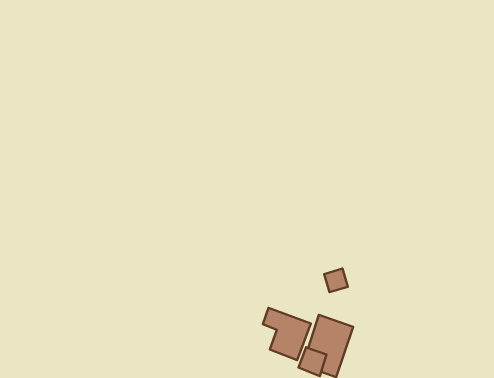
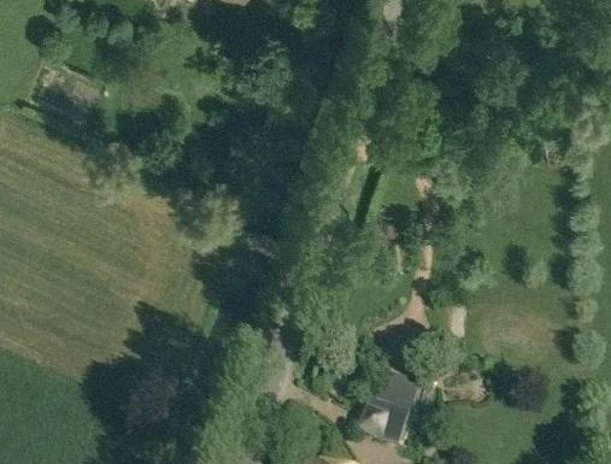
building: [263,308,311,360] -> none

